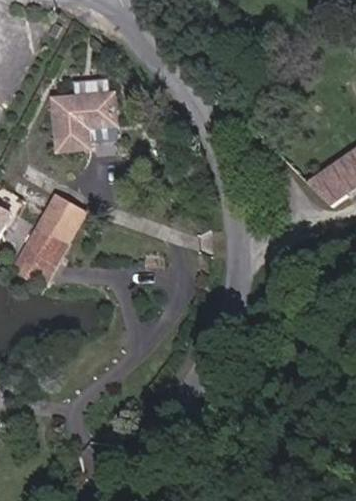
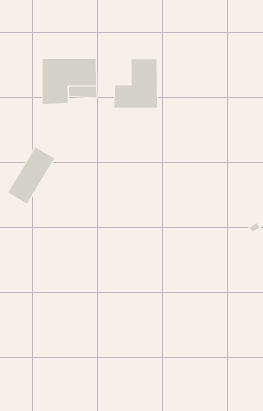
building: none -> [114,59,157,108]

